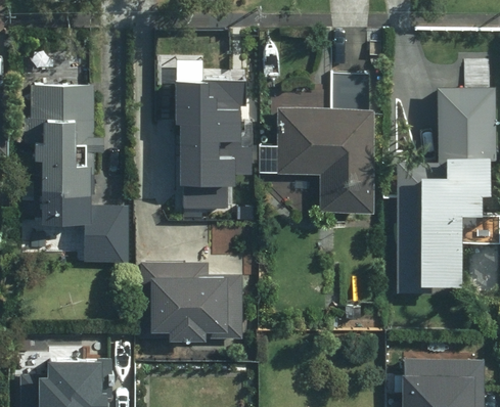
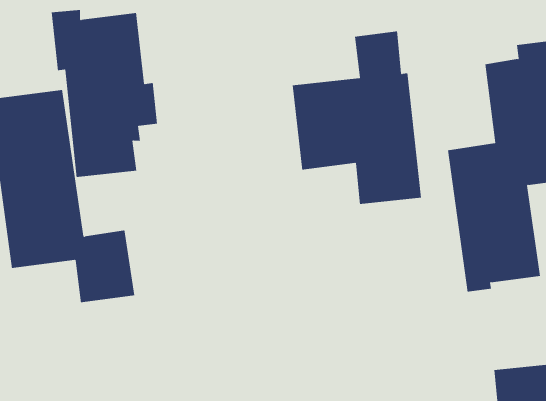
building: [179,76,256,213] -> [51,10,158,178]
building: [138,262,244,341] -> none

